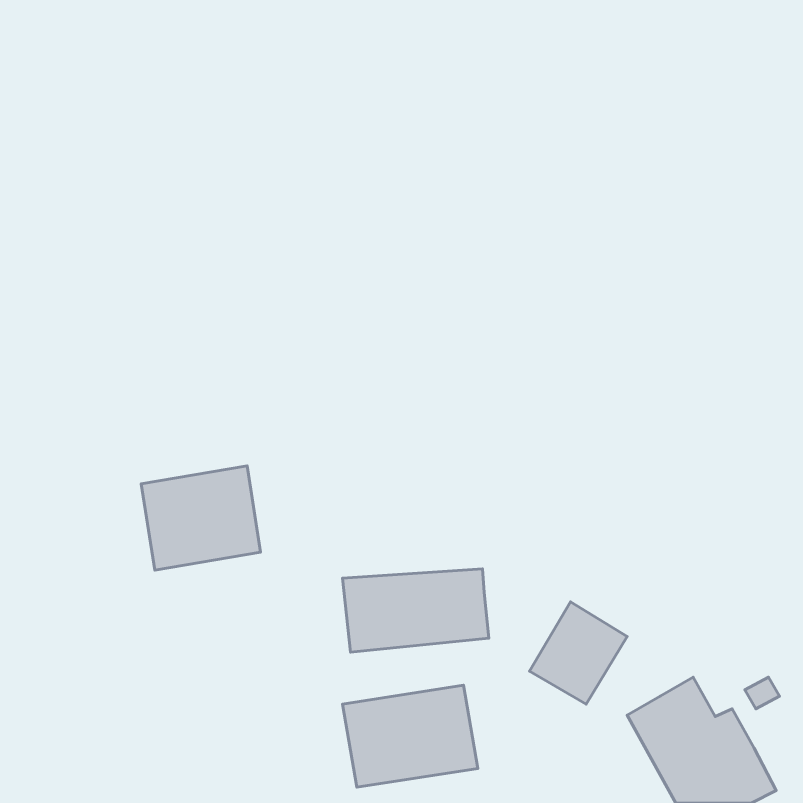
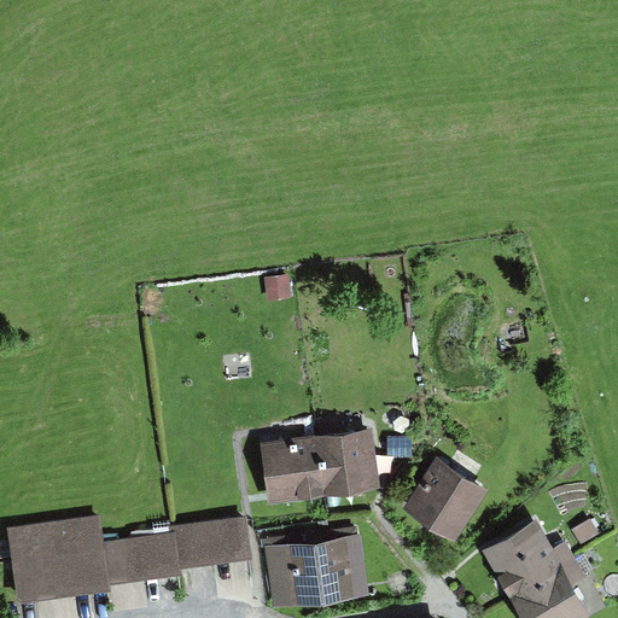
building: [141,466,261,570] -> none
building: none -> [8,514,246,602]

